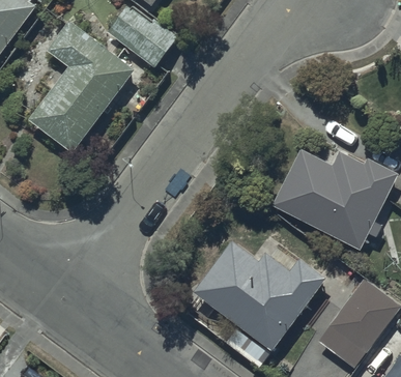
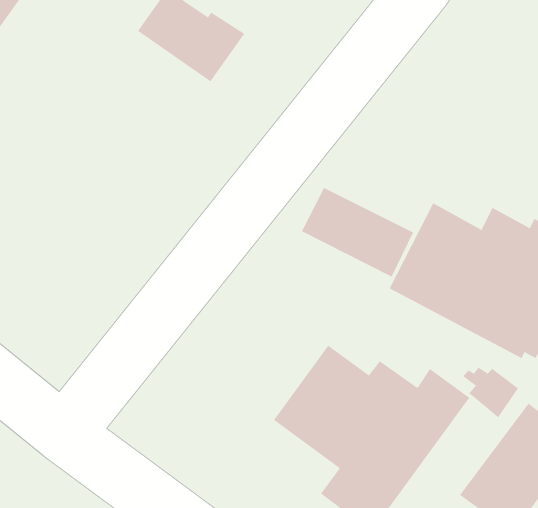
building: [29,21,135,151] -> none
building: none -> [301,187,414,277]

